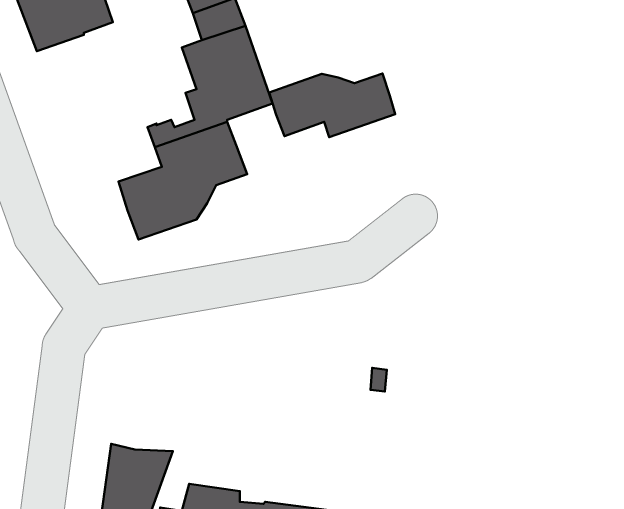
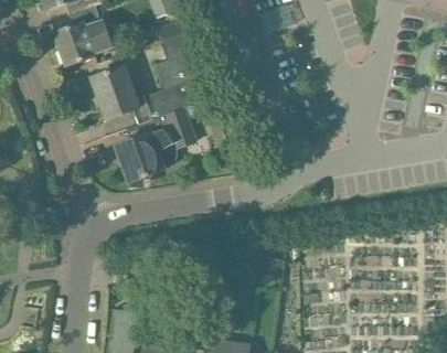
building: none -> [91,66,162,115]
building: [269,74,395,137] -> none

